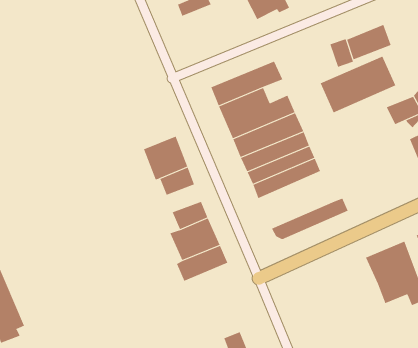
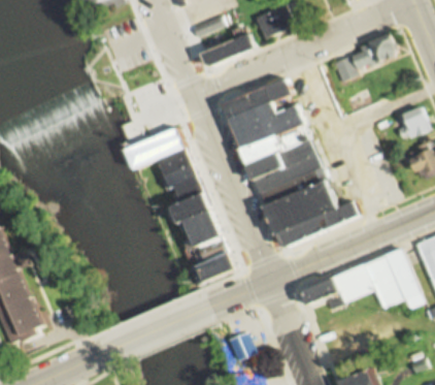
building: none -> [200,29,256,65]
building: [320,56,396,113] -> [265,182,336,235]
building: none -> [125,126,189,170]
building: none -> [171,194,212,223]
building: none -> [303,262,376,309]

